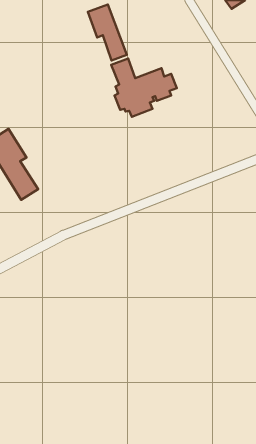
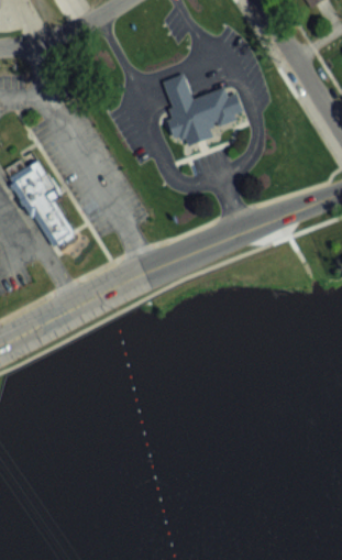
building: [88,4,127,60] -> none

